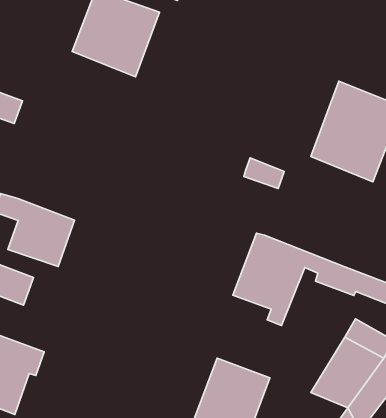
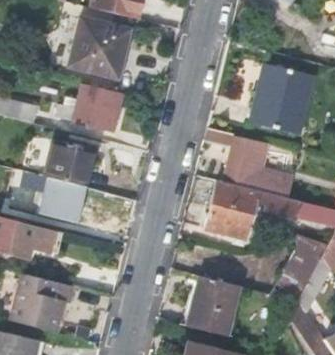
building: none -> [62,83,123,131]
building: none -> [42,141,94,187]
building: none -> [224,137,290,198]

